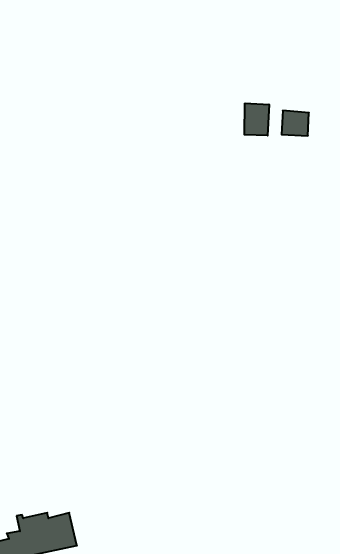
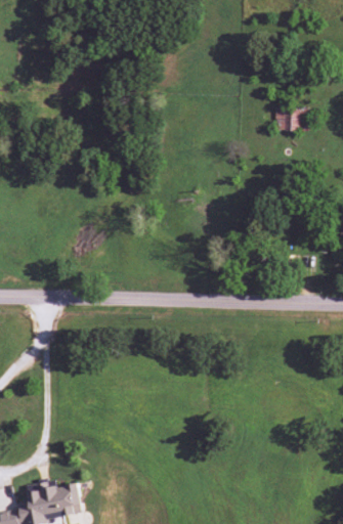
building: [244,103,269,136] -> none

